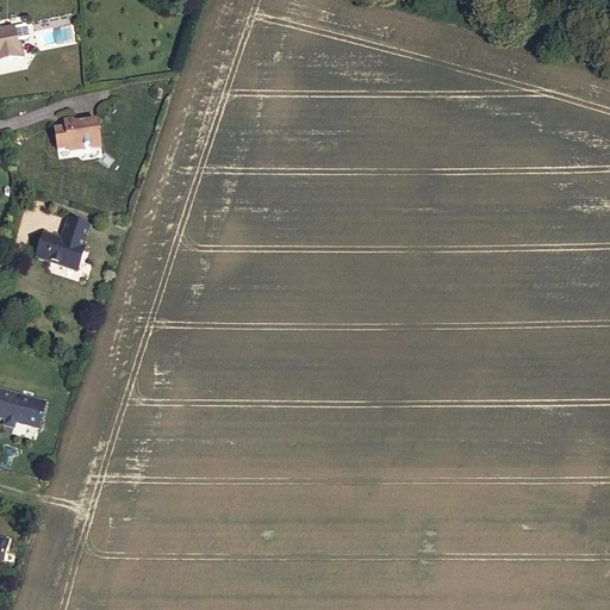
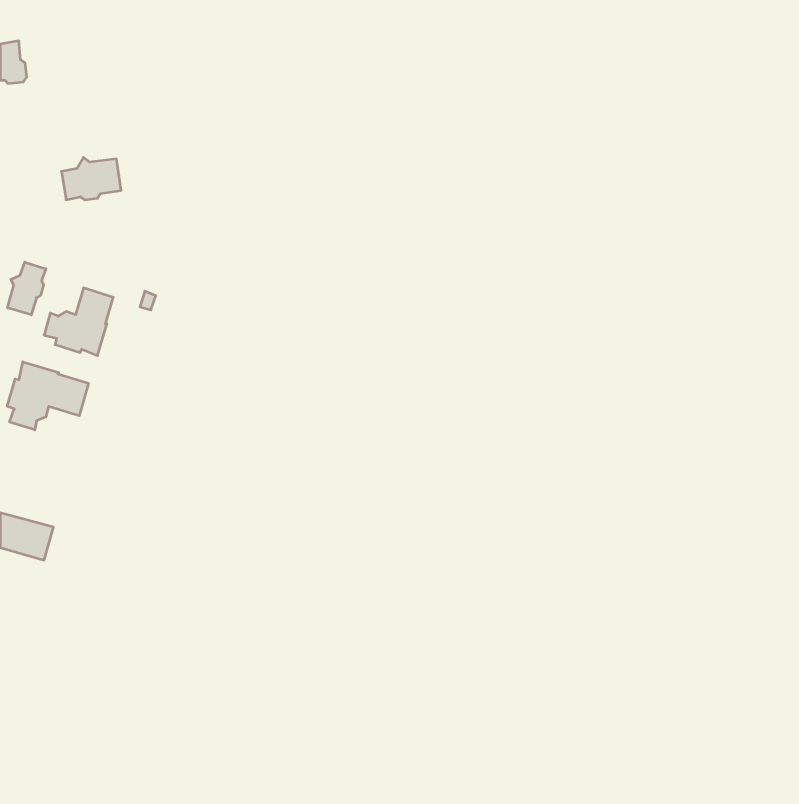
building: none -> [8,262,46,315]
building: none -> [7,362,88,430]

